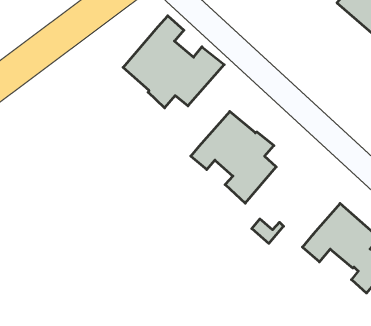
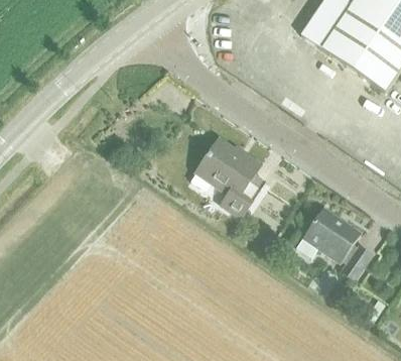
building: [123,16,224,108] -> none

